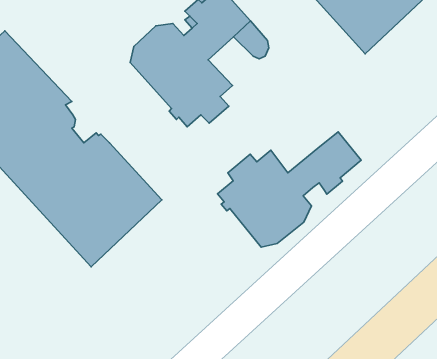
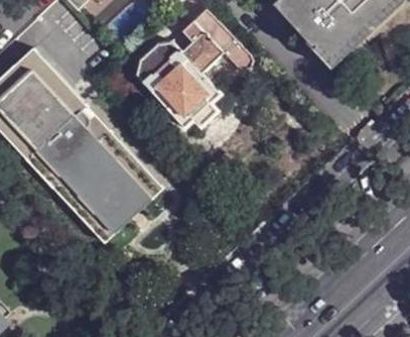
building: [217,132,361,247] -> none

